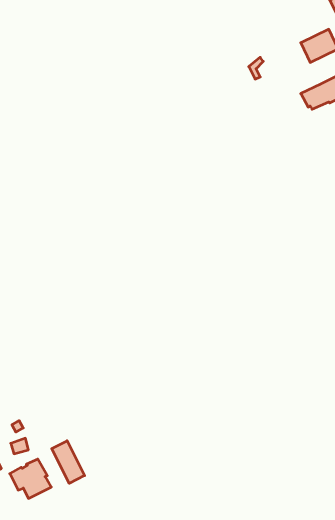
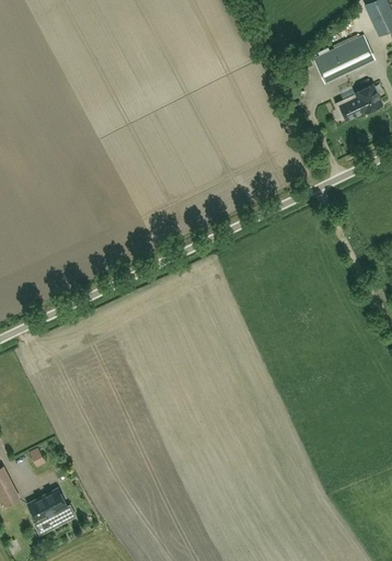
building: none -> [313,49,344,80]
building: [52,441,85,483] -> none

